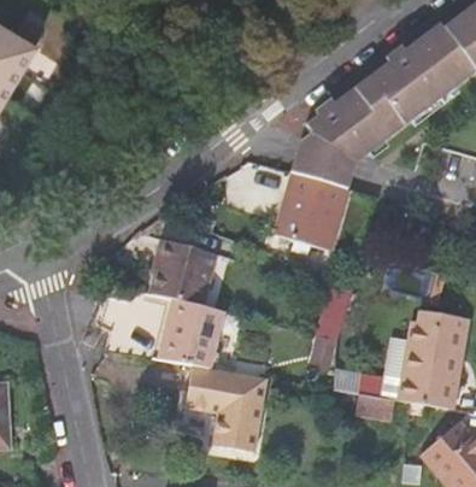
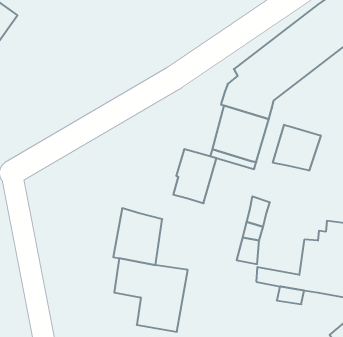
building: none -> [273,125,321,171]
building: [152,236,205,303] -> [173,149,216,203]

